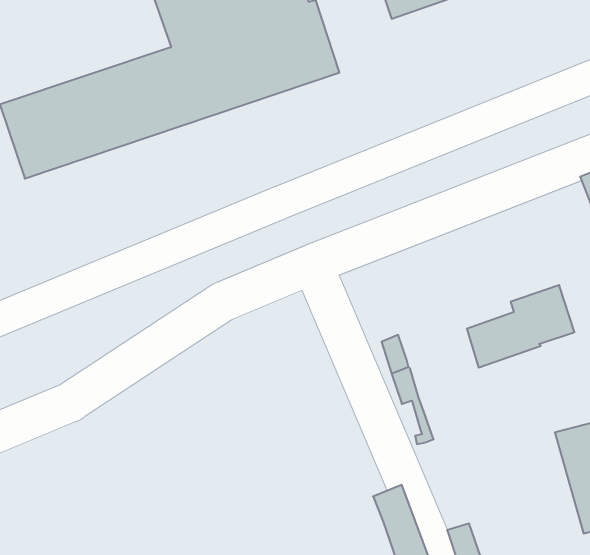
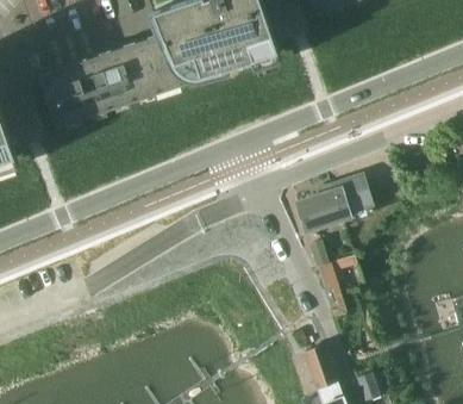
building: [467,285,574,368] -> [299,173,375,231]

